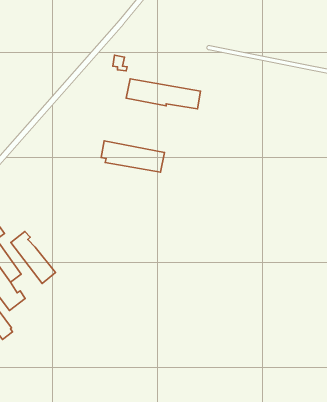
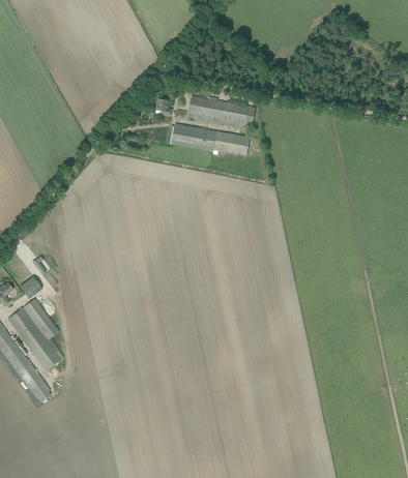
building: [101,141,164,172] -> [188,94,256,127]
building: [11,232,55,284] -> none

